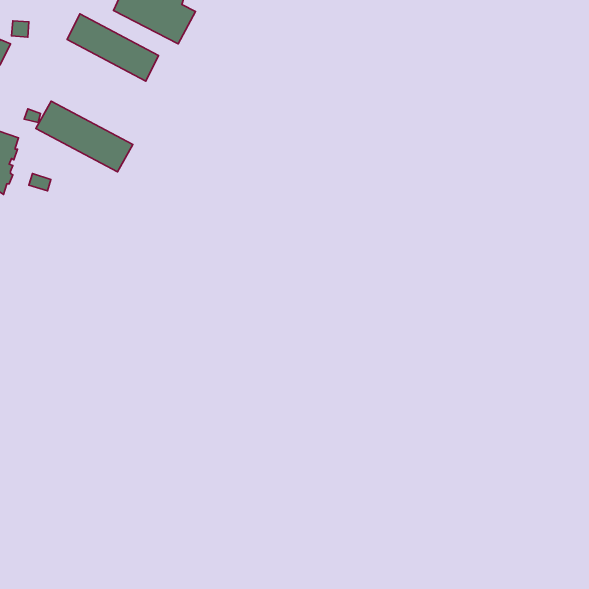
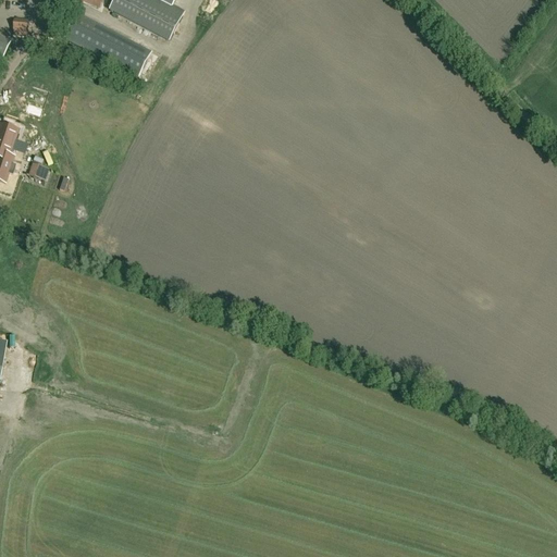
building: [36,101,133,172] -> none

